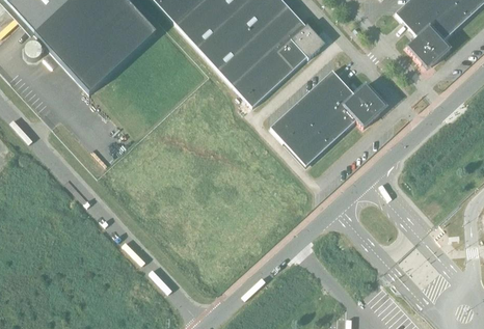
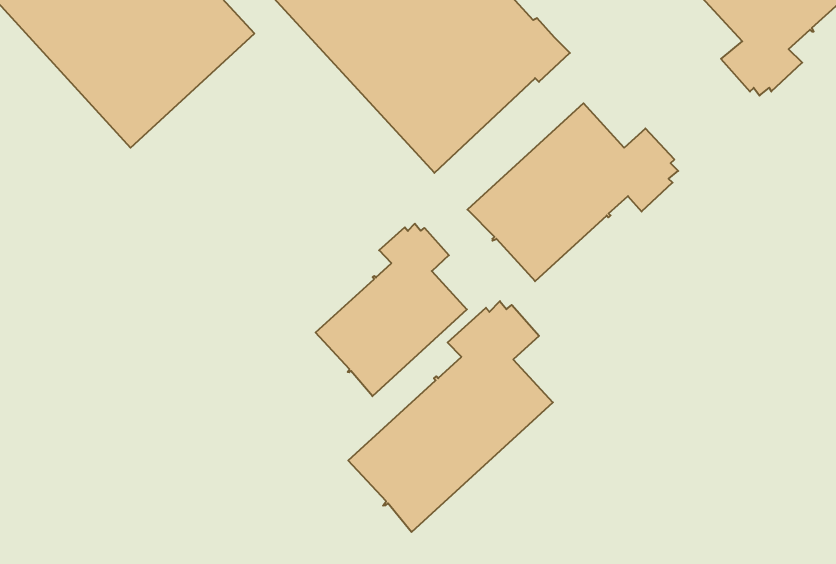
building: none -> [316,224,467,396]
building: none -> [348,301,553,532]

